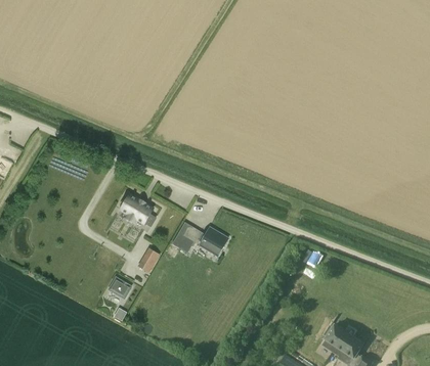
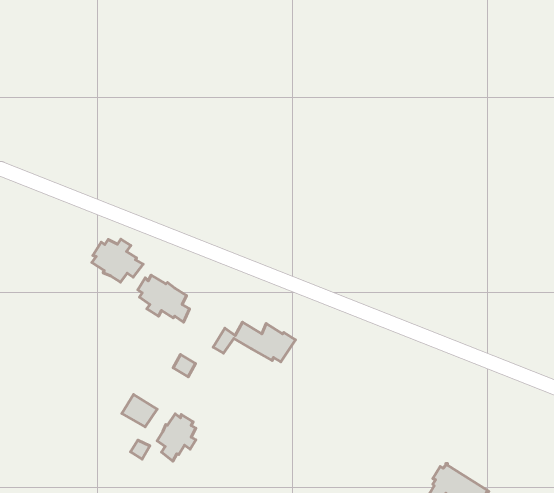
building: none -> [92,239,143,282]
building: none -> [157,414,196,461]

